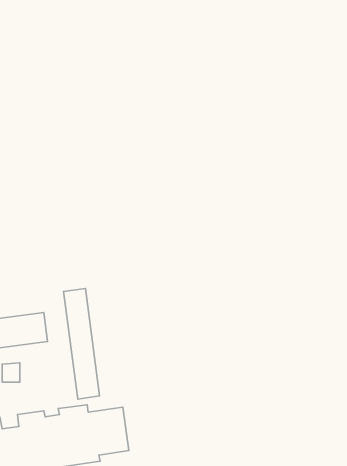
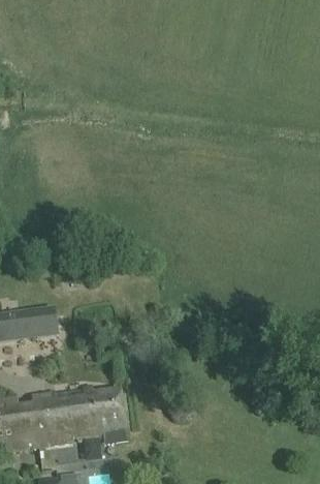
building: [64,289,100,399] -> none

